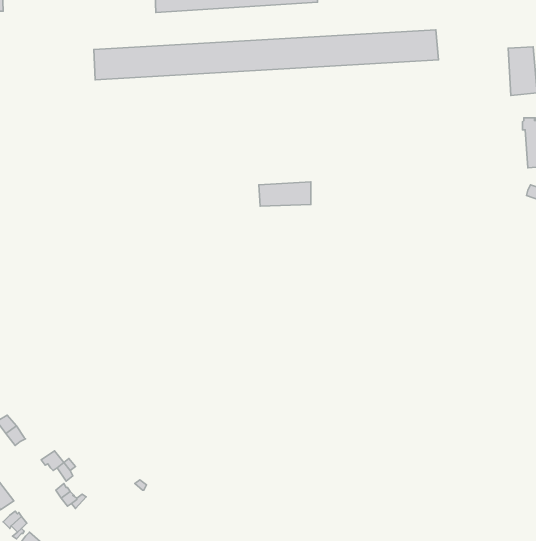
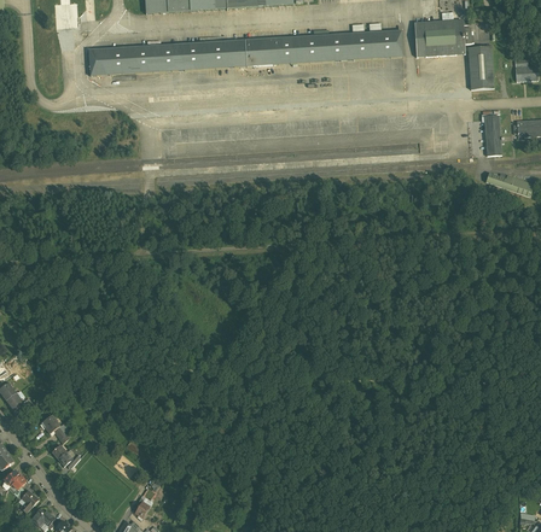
building: none -> [413,18,471,55]
building: [259,182,311,206] -> none

